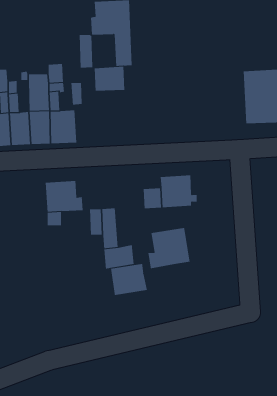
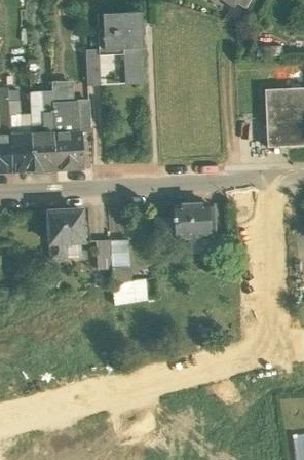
building: [94,66,125,91] -> none
building: [148,227,190,269] -> none
building: [111,263,147,296] -> none

